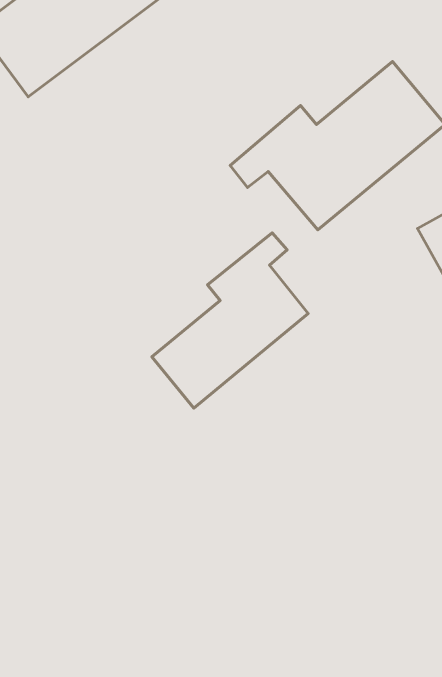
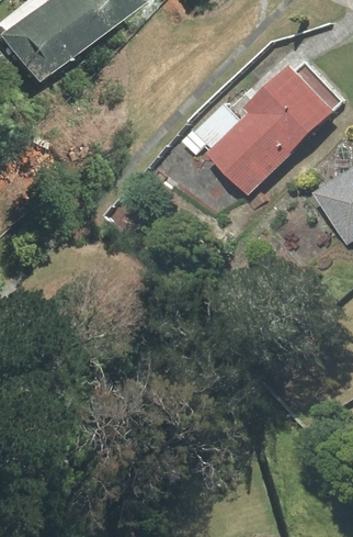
building: [152,233,308,408] -> none

